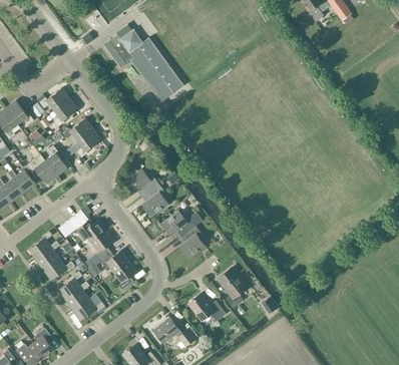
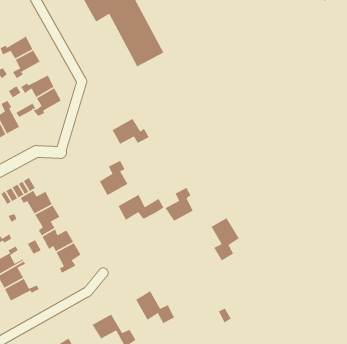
building: [124,168,158,194] -> [112,118,150,145]
building: [178,226,205,258] -> [164,187,194,222]
building: [219,269,246,308] -> [210,217,240,261]

